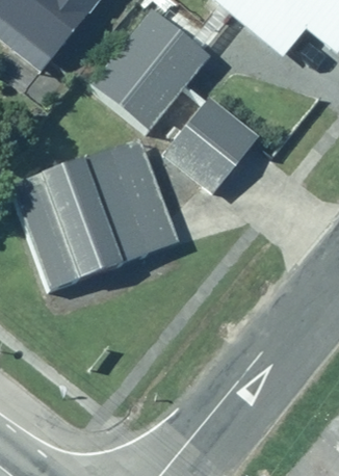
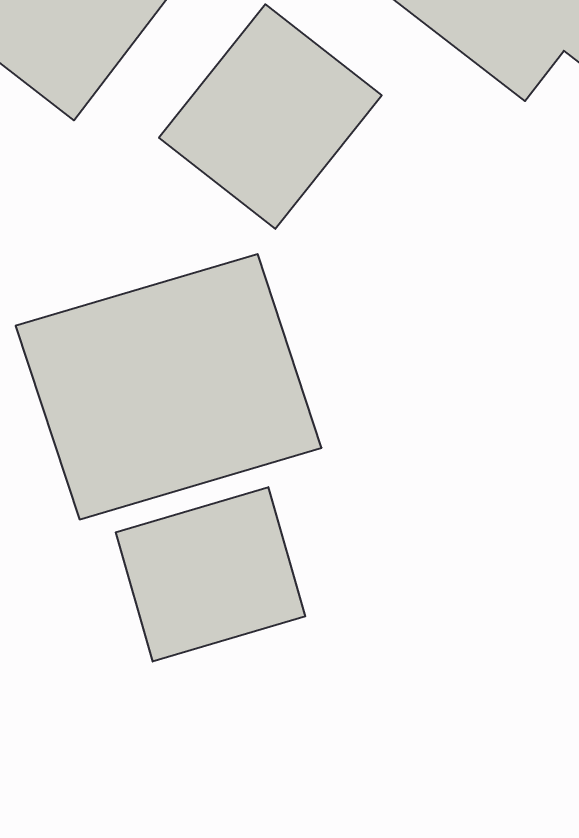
building: [163,102,256,192] -> none
building: none -> [116,487,305,662]

